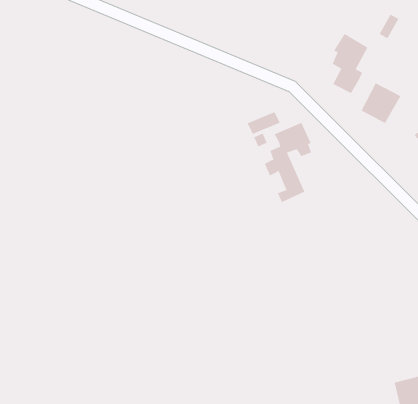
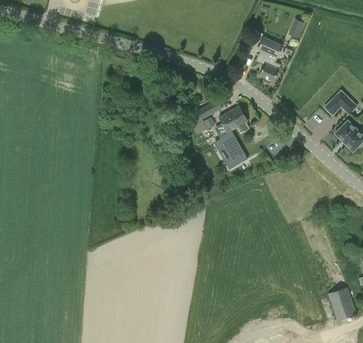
building: [361,82,401,124] -> none

